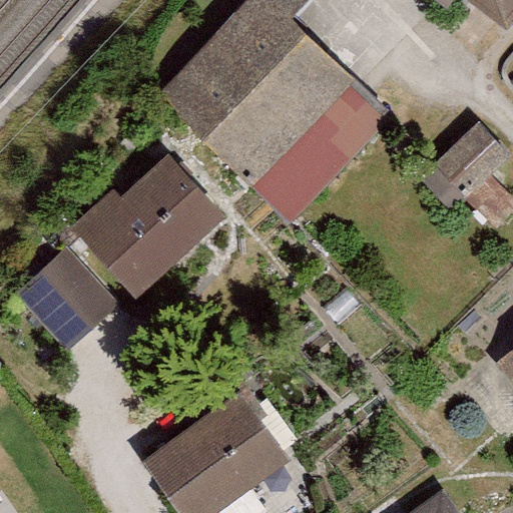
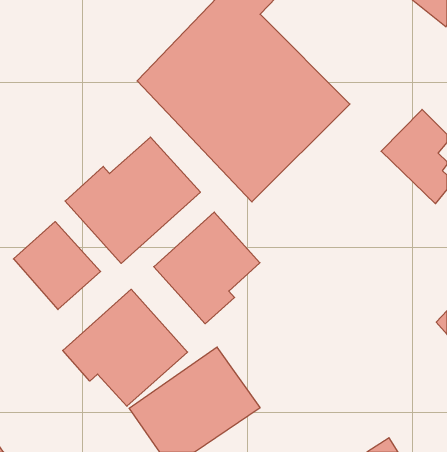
building: none -> [154,212,260,324]
building: none -> [63,289,188,406]

